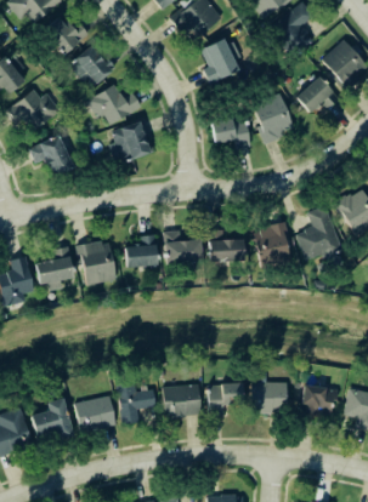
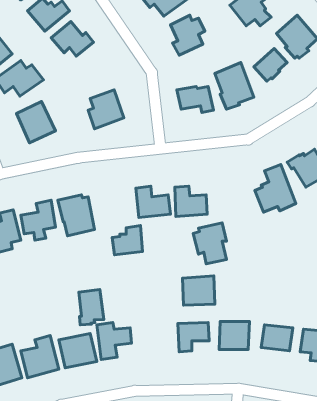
building: [87,85,141,125] -> none
building: [251,222,289,268] -> [193,223,227,264]
building: [123,235,157,268] -> [112,226,143,255]
building: none -> [79,290,104,325]
building: [165,384,202,417] -> [182,276,215,305]

